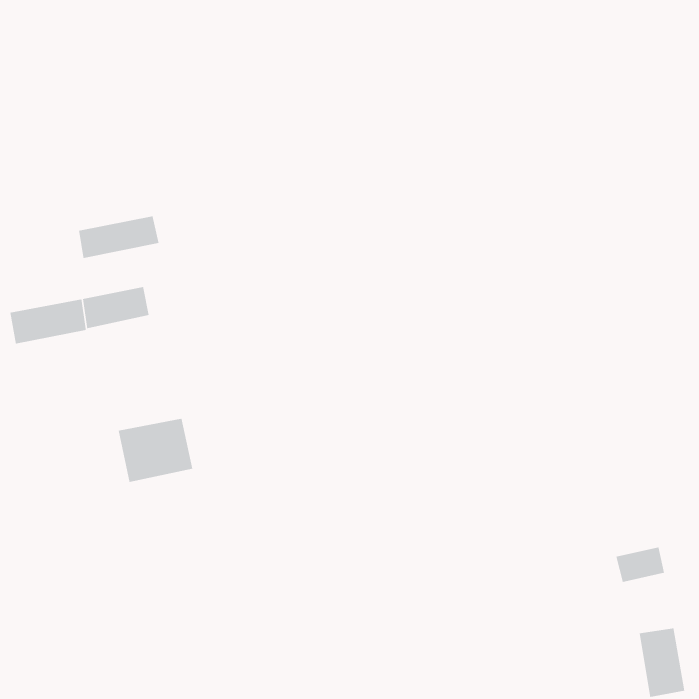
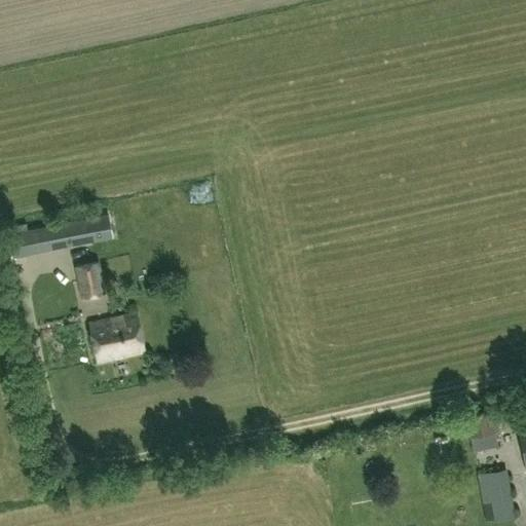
building: [78,215,159,259] -> none
building: none -> [76,263,104,298]

